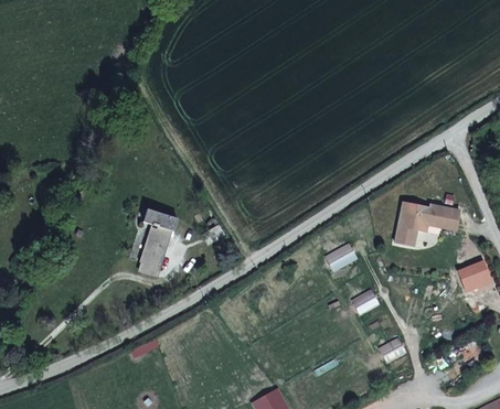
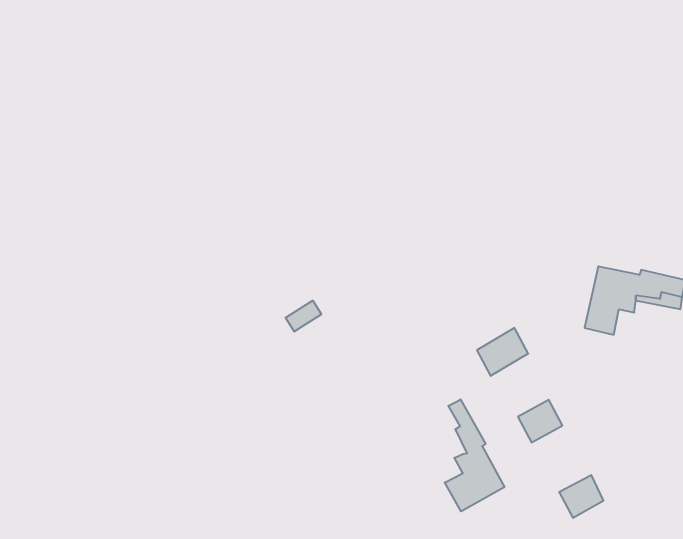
building: [139,209,177,276] -> none
building: none -> [445,399,504,511]

